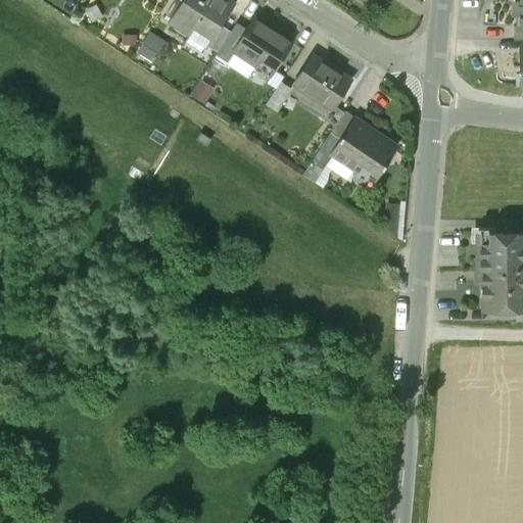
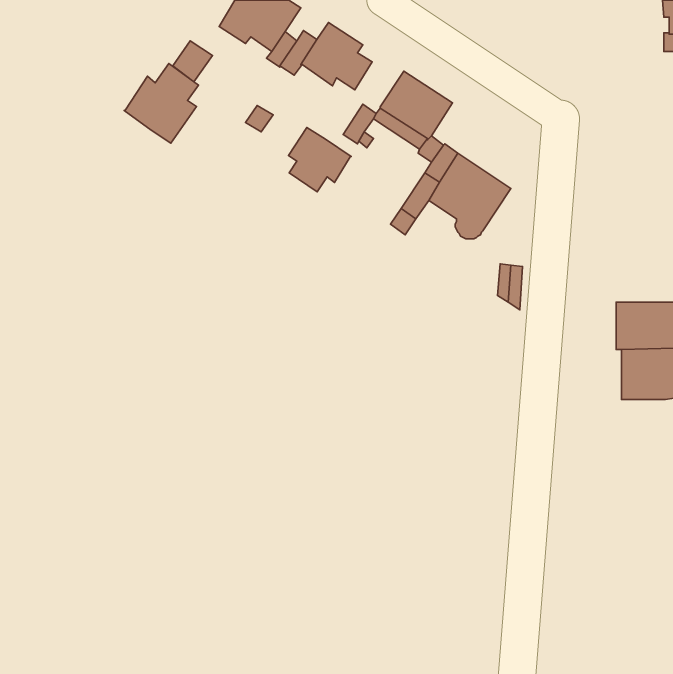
building: none -> [124,63,199,143]
building: none -> [289,128,351,192]

